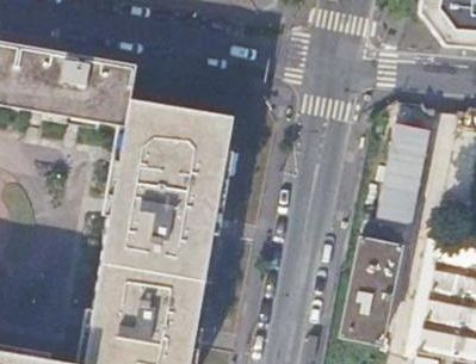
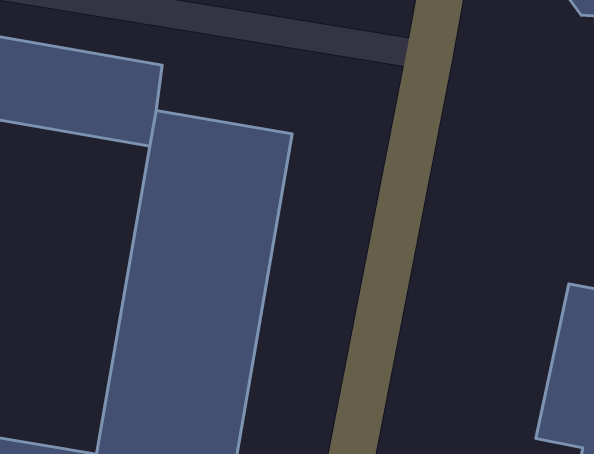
building: [381,117,433,221] -> none
building: [342,237,402,343] -> none

